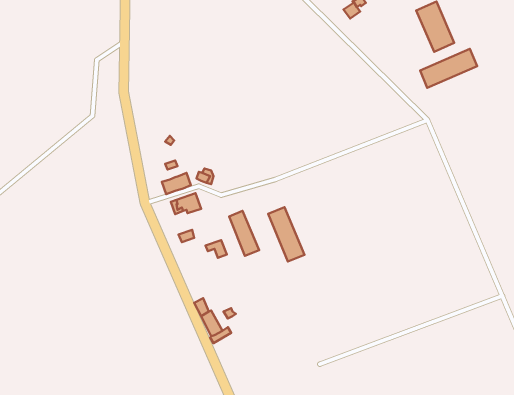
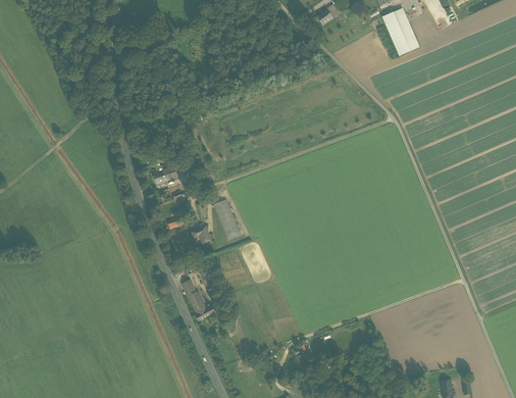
building: [420,49,477,88] -> none
building: [268,207,304,261] -> none

